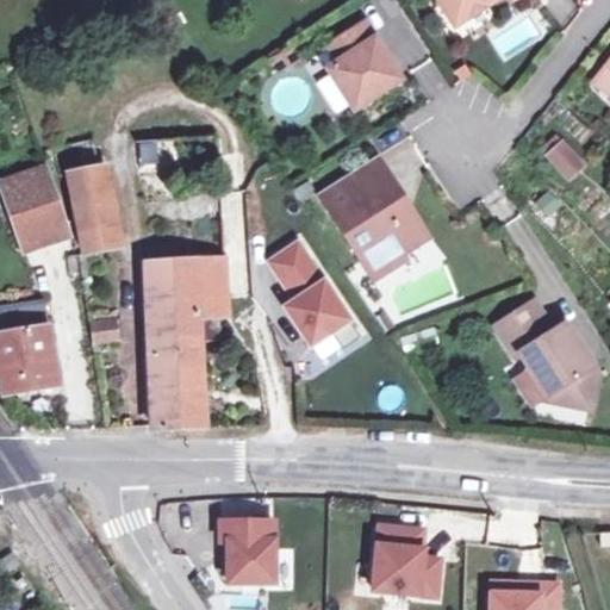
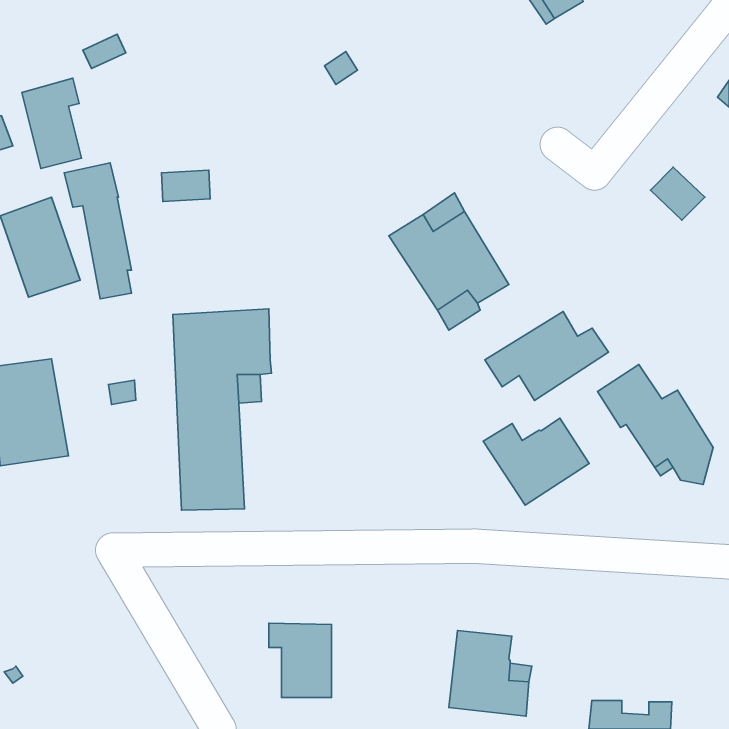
building: [330,25,397,105] -> none
building: none -> [22,78,82,169]
building: [268,241,360,347] -> none
building: none -> [485,311,608,401]
building: none -> [483,418,589,505]

